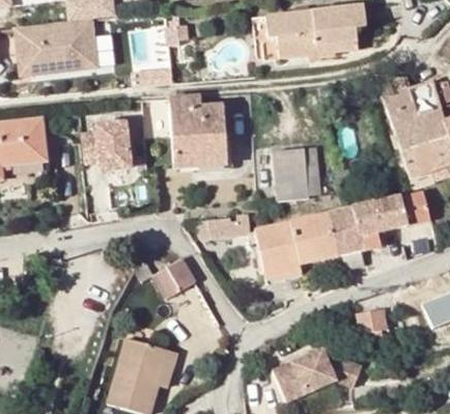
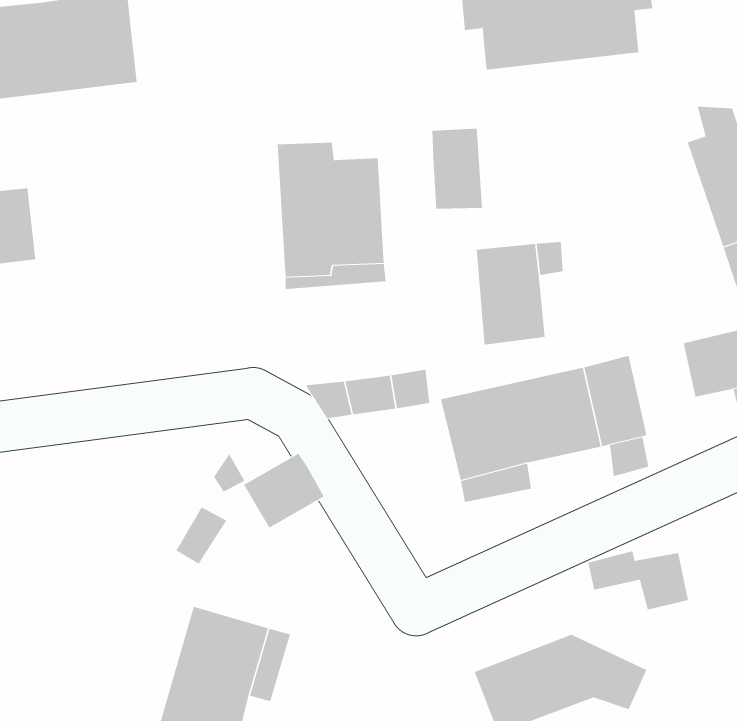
building: none -> [432,128,483,210]
building: [78,122,125,170] -> none
building: [355,200,389,248] -> none

